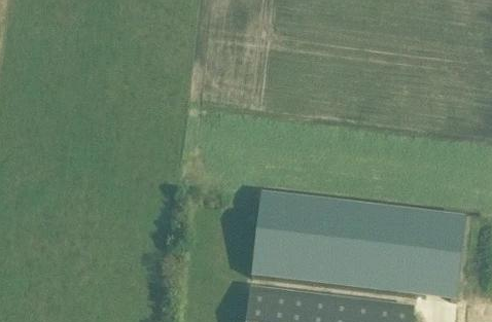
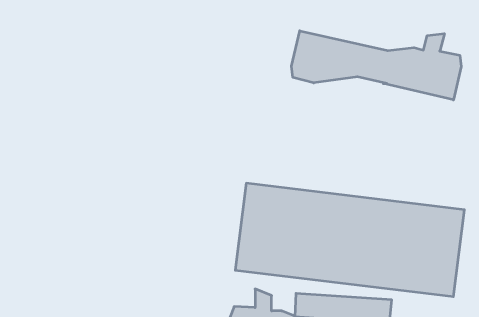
building: none -> [291,31,461,100]

